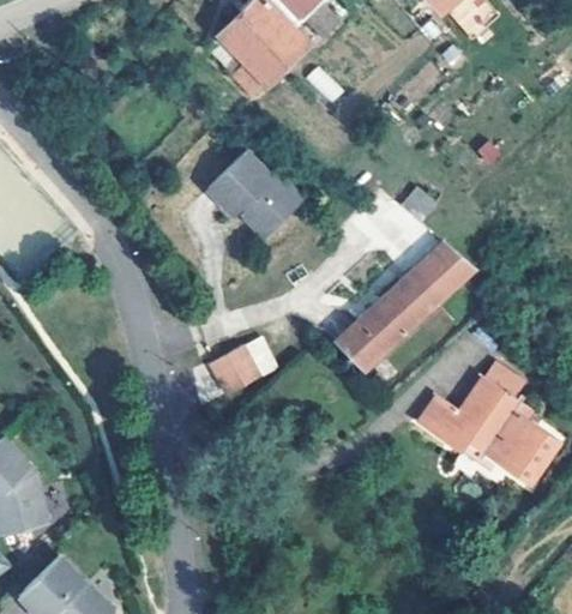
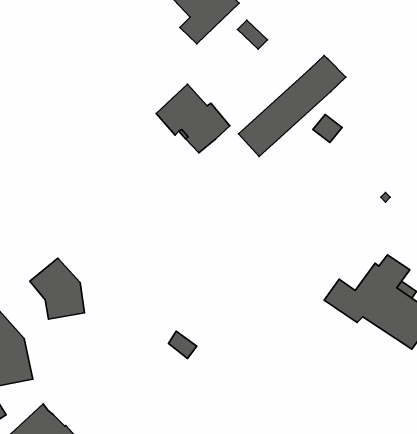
building: [339,241,476,369] -> [238,56,346,156]
building: [215,342,263,391] -> none
building: none -> [30,258,84,319]

